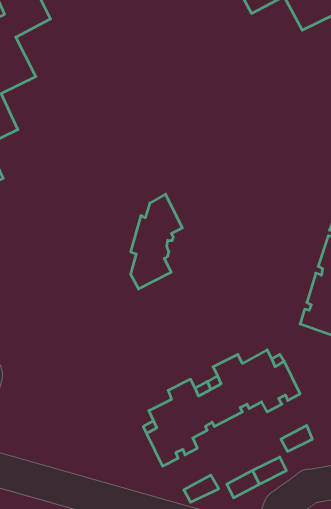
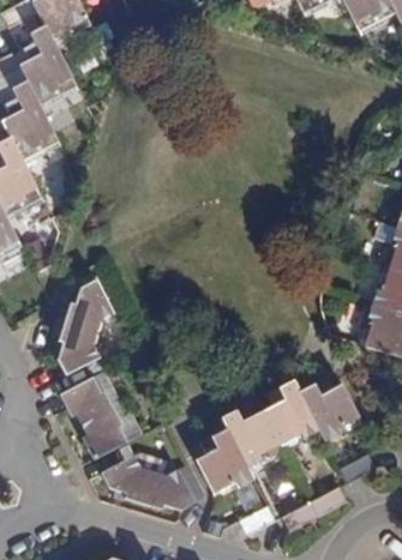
building: [131,194,182,289] -> [58,270,113,371]
building: none -> [59,375,127,460]
building: none -> [100,456,198,511]

